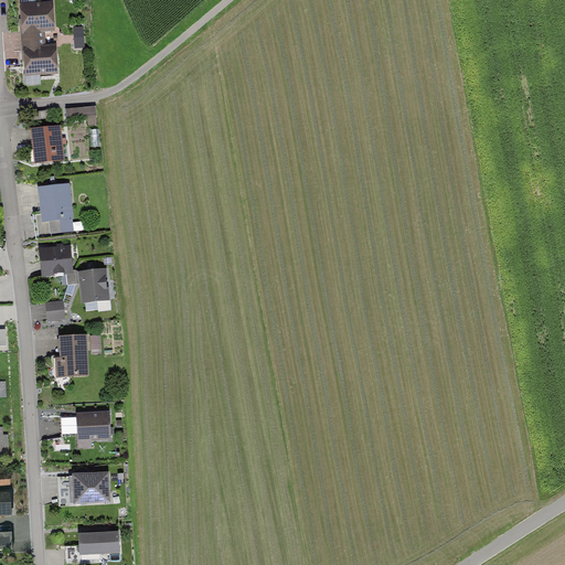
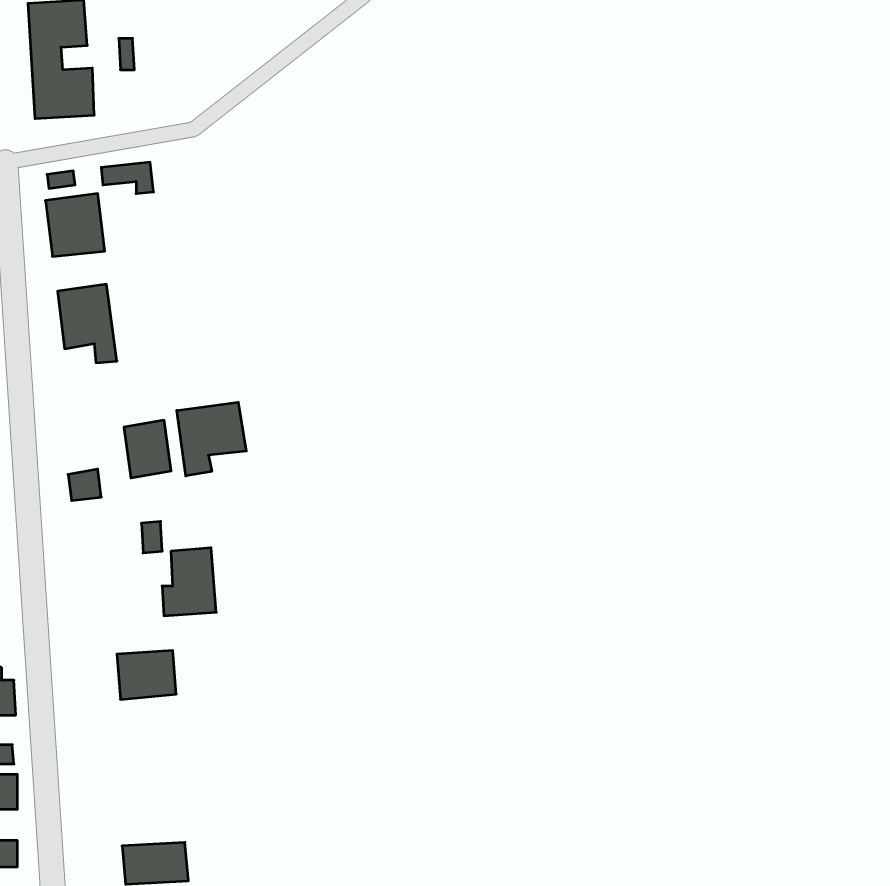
building: [38,242,74,274] -> none
building: none -> [177,402,246,476]
building: [55,333,89,376] -> [162,548,216,616]
building: [70,473,110,507] -> none

